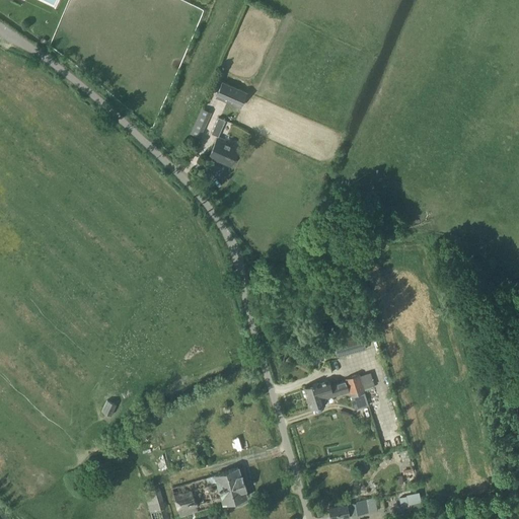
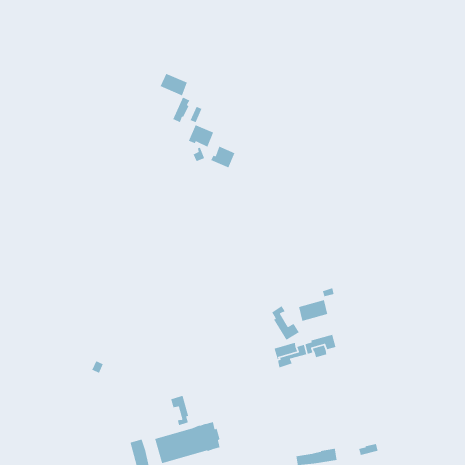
building: [216,83,247,109] -> [160,73,188,97]
building: none -> [210,146,235,168]
building: none -> [271,305,300,341]
building: none -> [170,395,189,426]

